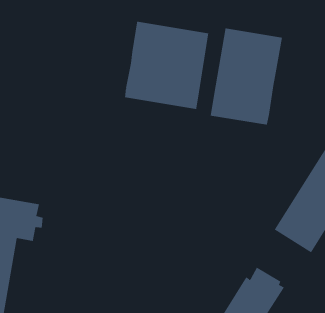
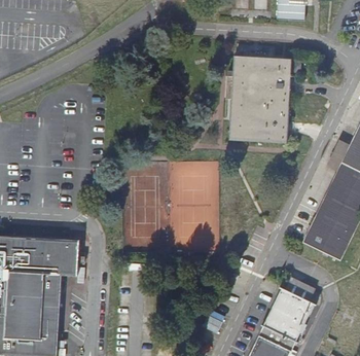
building: [125,21,209,110] -> none

